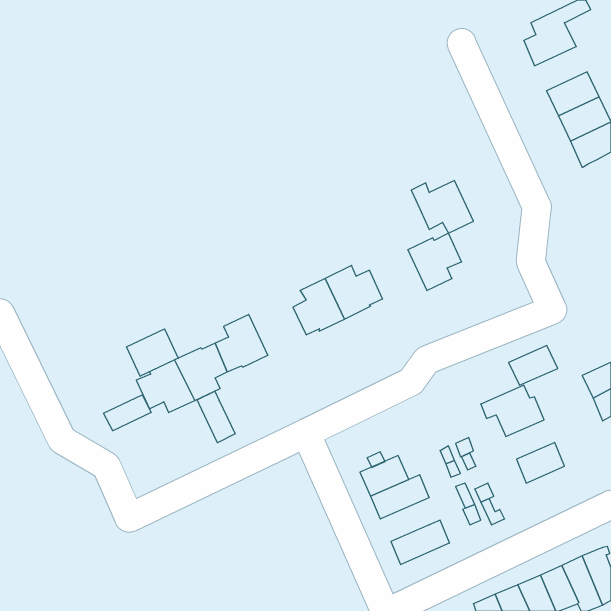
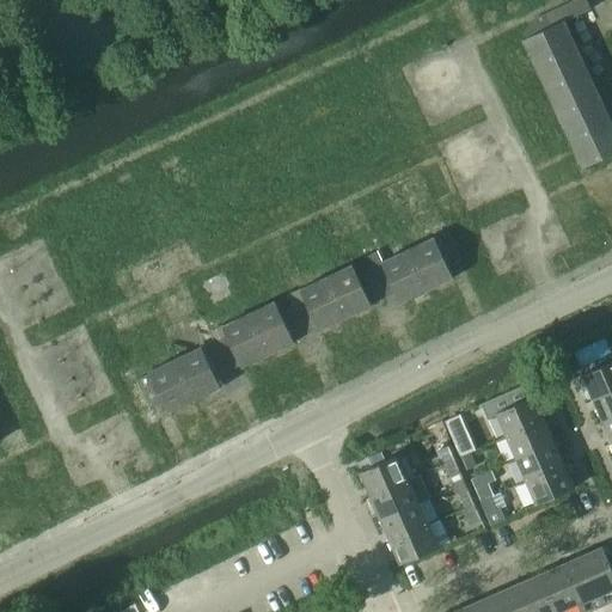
building: none -> [534,47,587,91]
building: [411,181,473,233] -> [365,250,427,302]
building: none -> [249,302,306,355]
building: [126,329,178,376] -> none
building: [509,346,558,385] -> [506,420,555,459]
building: [197,391,235,443] -> none
building: [104,395,151,431] -> none
building: none -> [526,466,575,506]
building: none -> [380,502,429,541]

